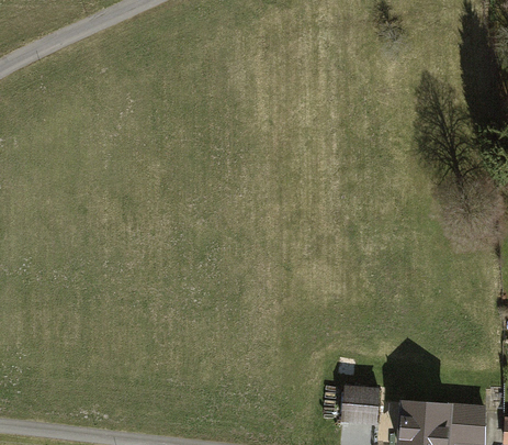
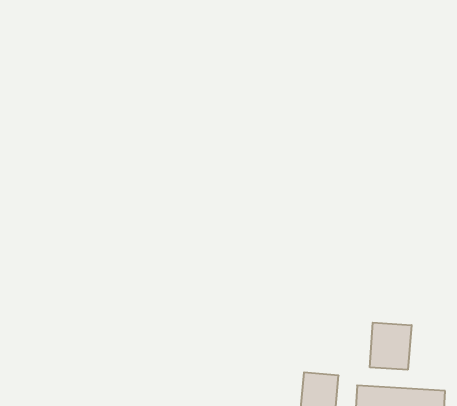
building: none -> [370,323,412,370]

